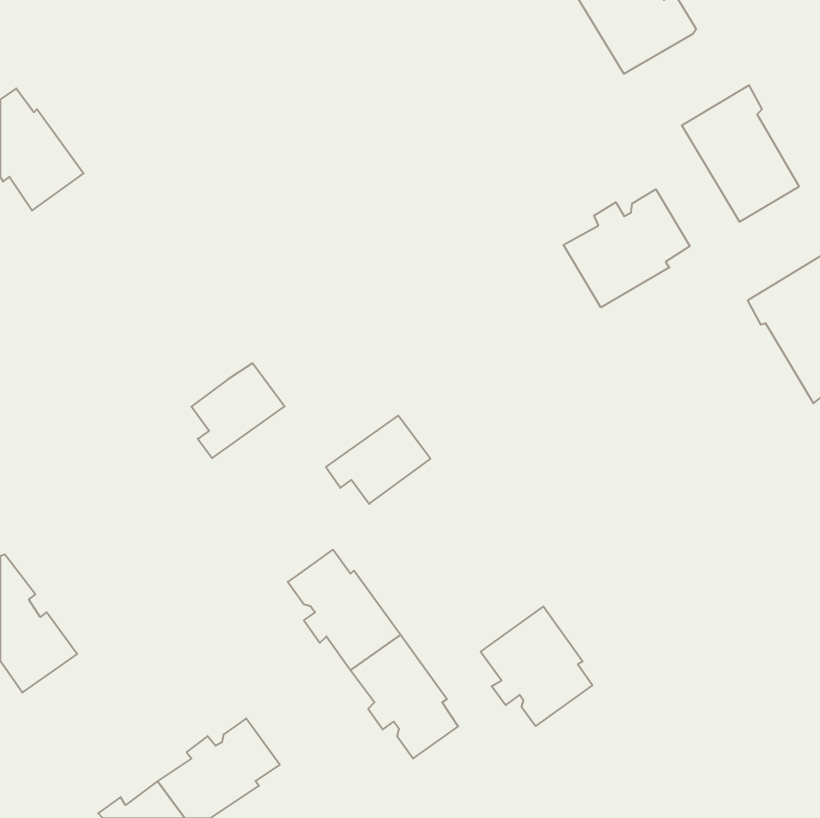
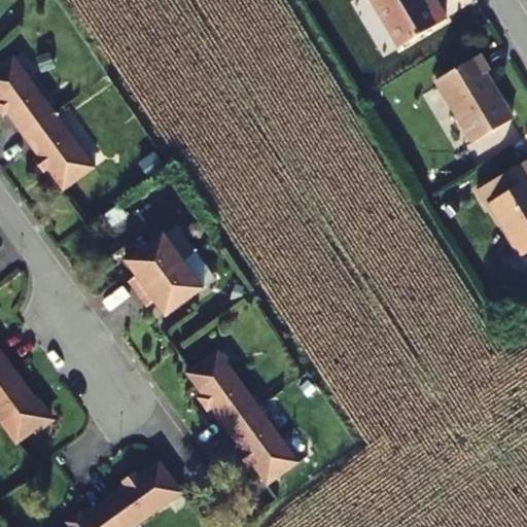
building: none -> [22,111,93,190]
building: [563,189,690,307] -> none
building: [326,416,430,504] -> [137,260,204,317]
building: [481,606,592,726] -> none

